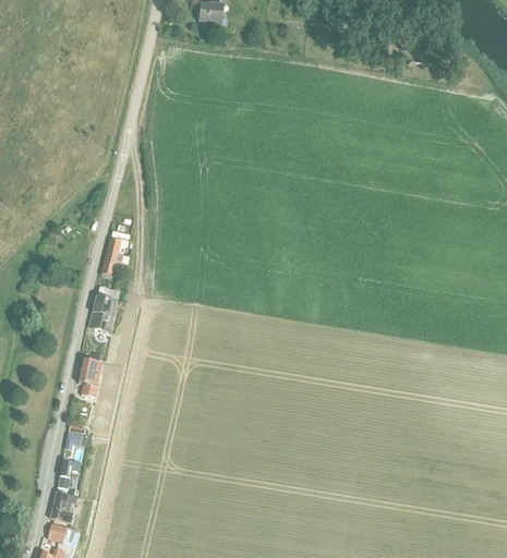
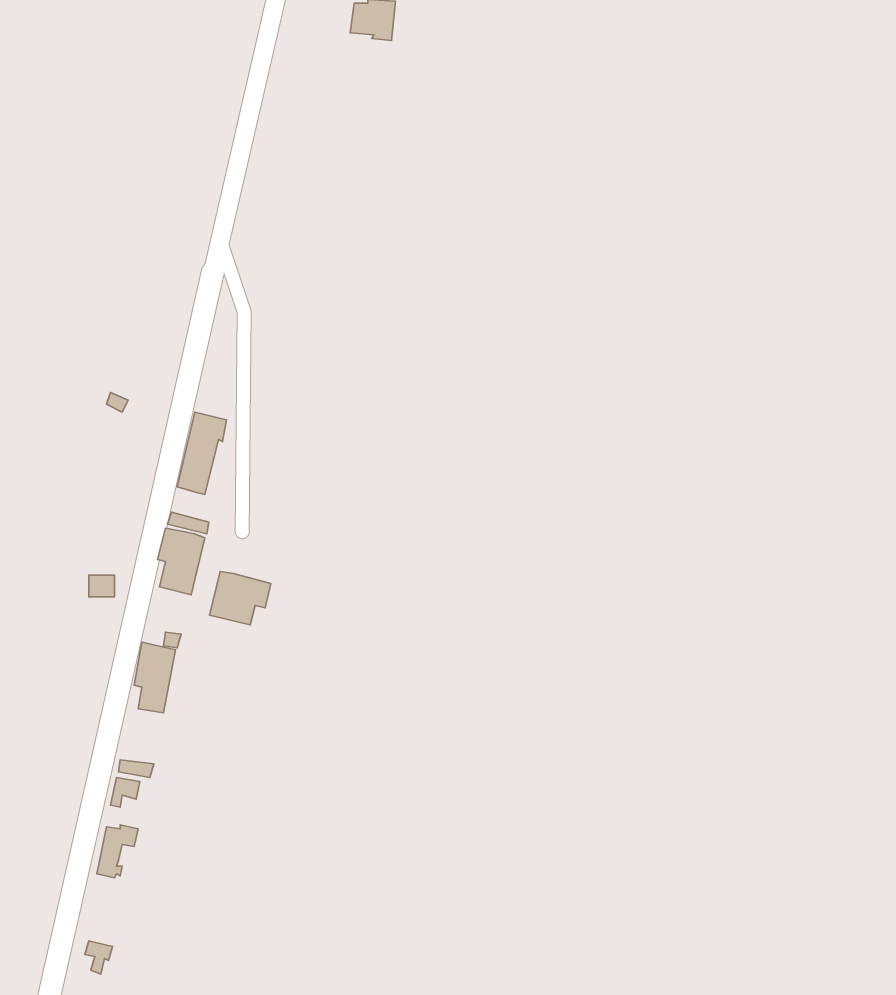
building: none -> [209,571,271,625]
building: [48,490,75,523] -> none

